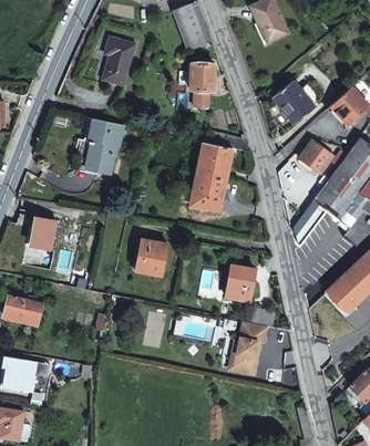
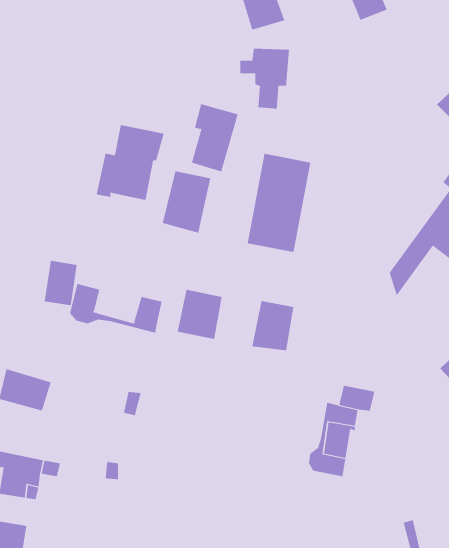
building: [100,35,134,85] -> [191,103,239,172]
building: [267,77,310,122] -> none
building: [291,138,326,172] -> none
building: none -> [162,171,211,233]
building: none -> [69,283,162,334]
building: [225,263,256,300] -> [252,301,294,351]

